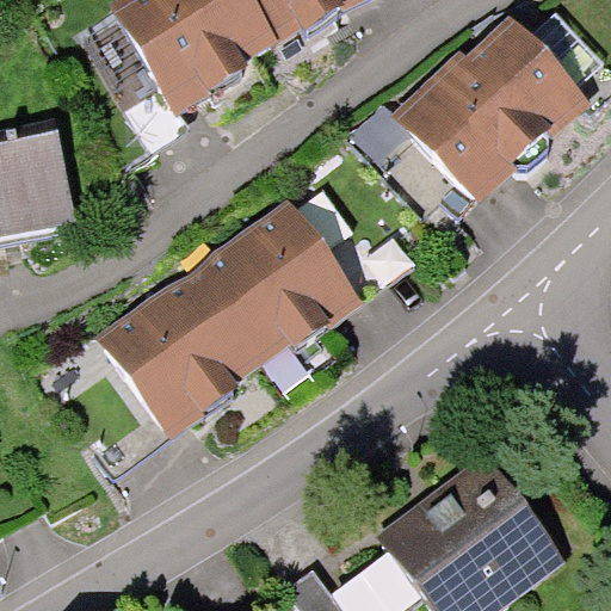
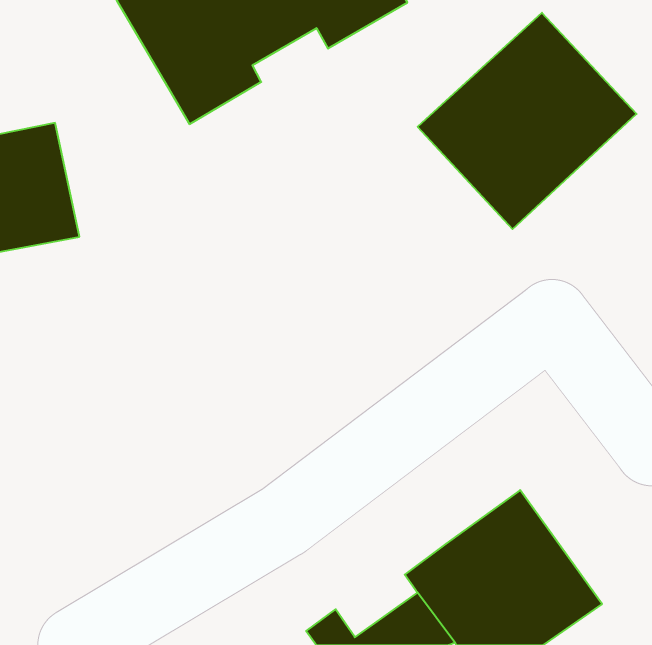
building: [99,200,359,432] -> none

